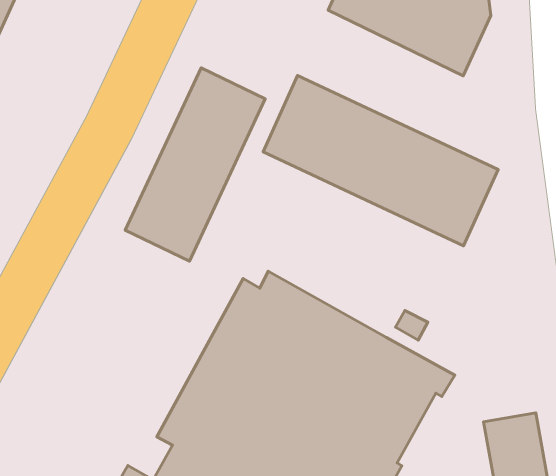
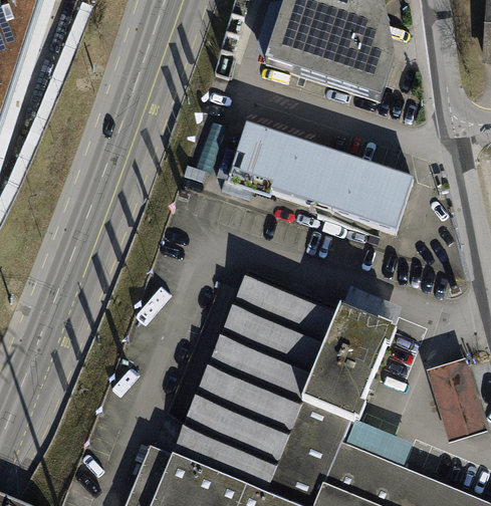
building: [125,68,265,261] -> none

